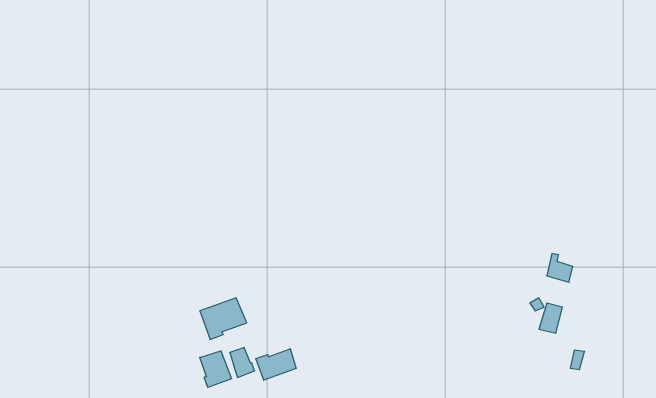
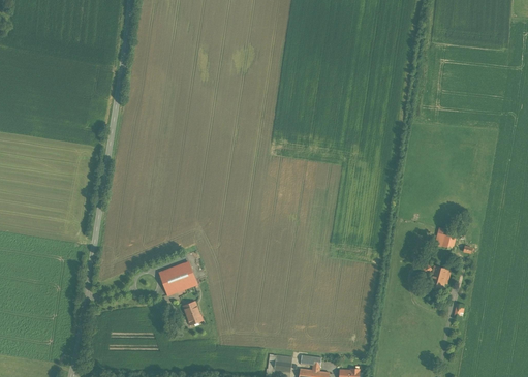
building: [256,349,296,380] -> none
building: [200,351,231,387] -> none

